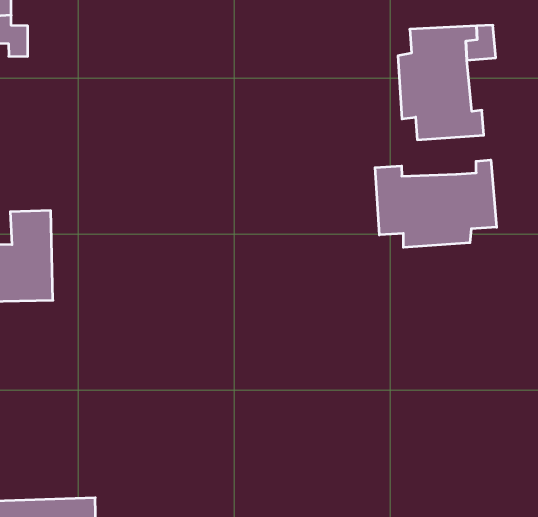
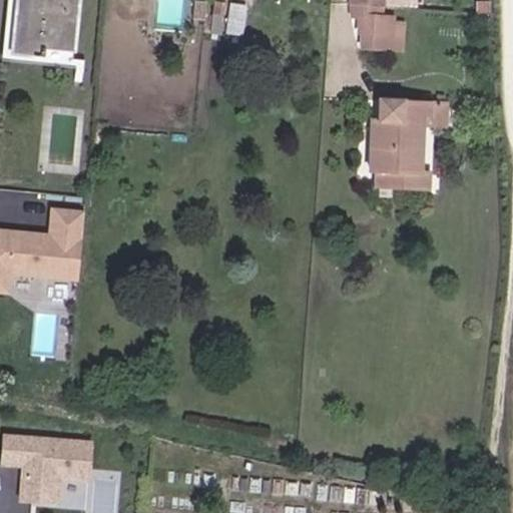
building: [375,160,497,247] -> none

